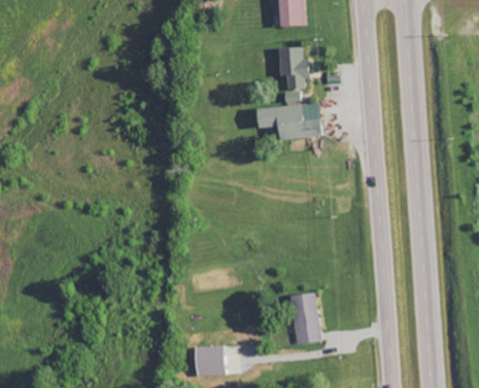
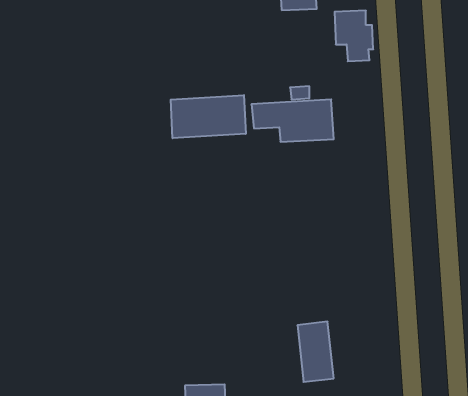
building: [276,46,309,90] -> [335,11,373,61]
building: none -> [171,95,246,138]

